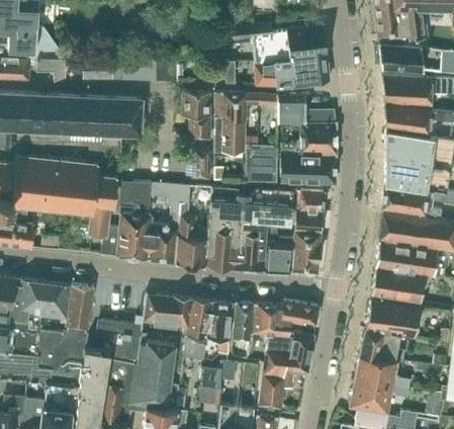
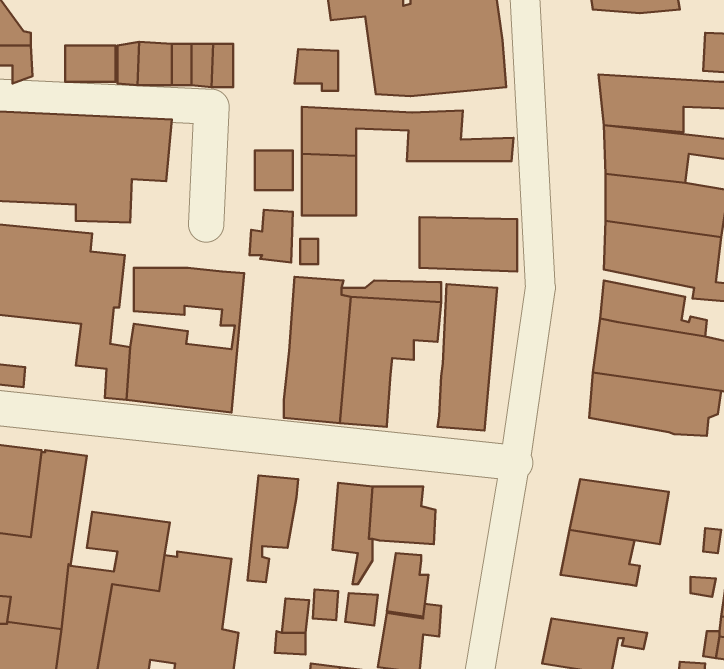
building: [378,37,428,71] -> none
building: [181,91,210,116] -> none
building: [281,122,336,155] -> none
building: [246,144,277,182] -> none
building: [176,185,208,266] -> none
building: [263,236,294,271] -> none
building: [371,266,424,304] -> none
building: [144,294,191,327] -> none
building: [207,301,232,353] -> none
building: [282,301,320,323] -> none
building: [281,333,313,373] -> none
building: [355,354,410,387] -> none

